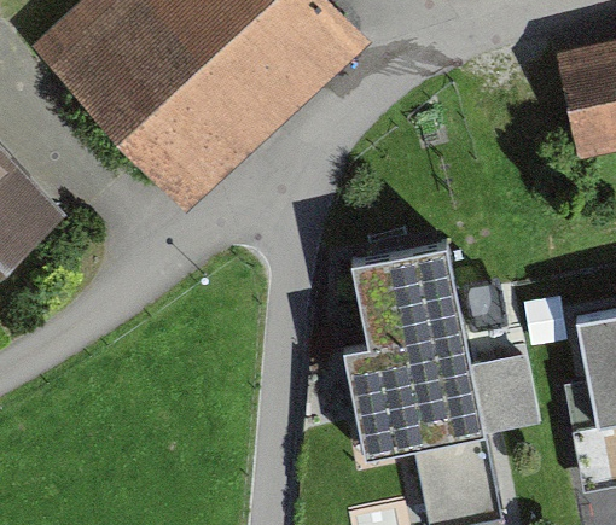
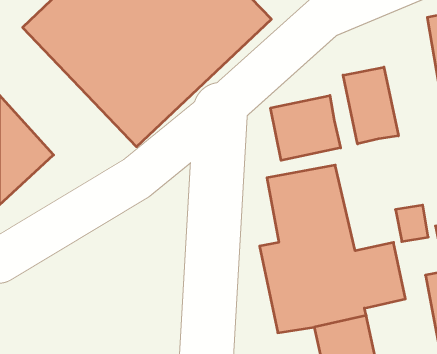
building: none -> [343,67,398,144]
building: none -> [271,95,341,160]

